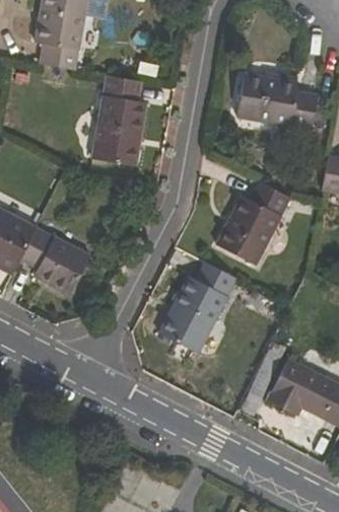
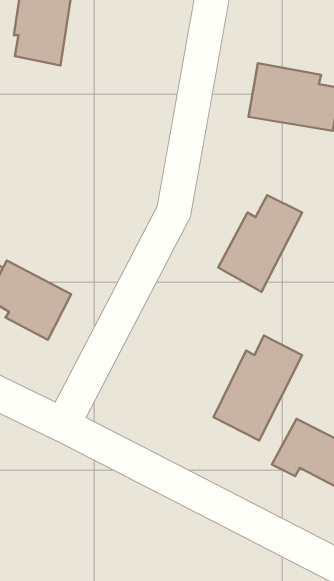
building: [93,67,145,156] -> none
building: [162,255,240,347] -> [213,335,302,440]

